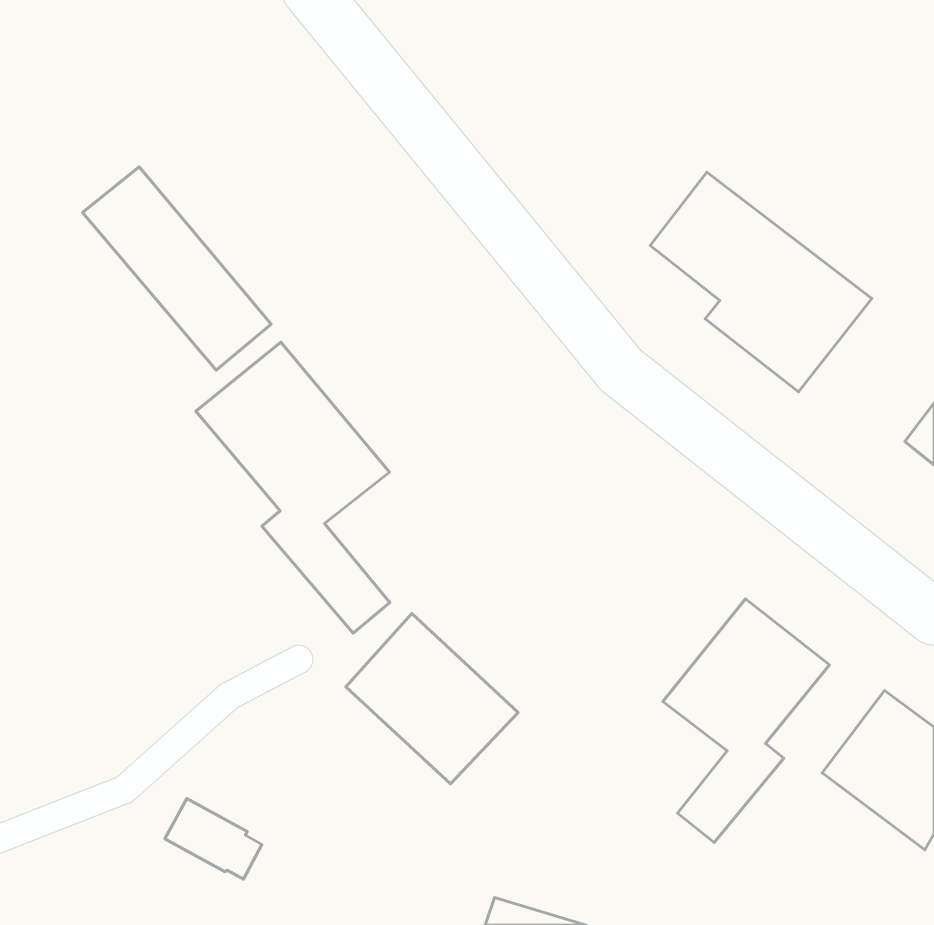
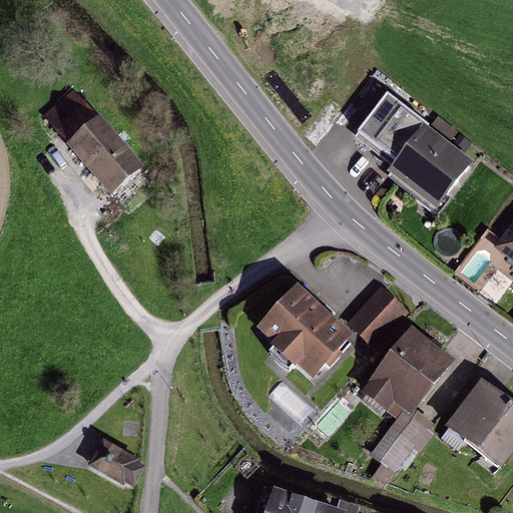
building: [196,342,390,633] -> none
building: none -> [348,287,407,347]
building: [346,614,518,784] -> [260,282,354,375]

